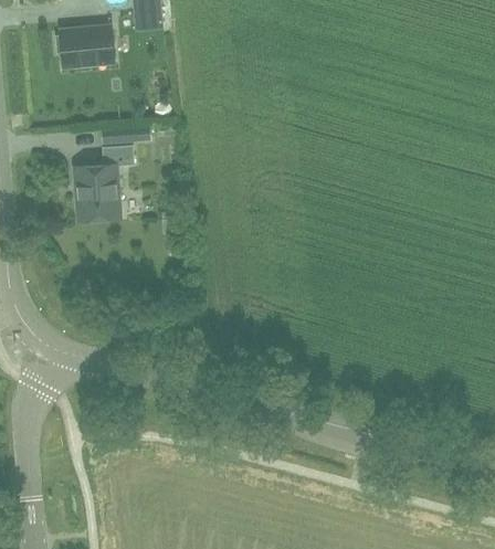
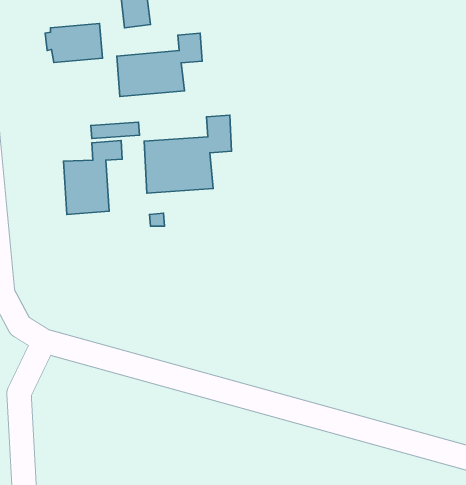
building: none -> [117,33,202,96]
building: none -> [144,115,232,193]

